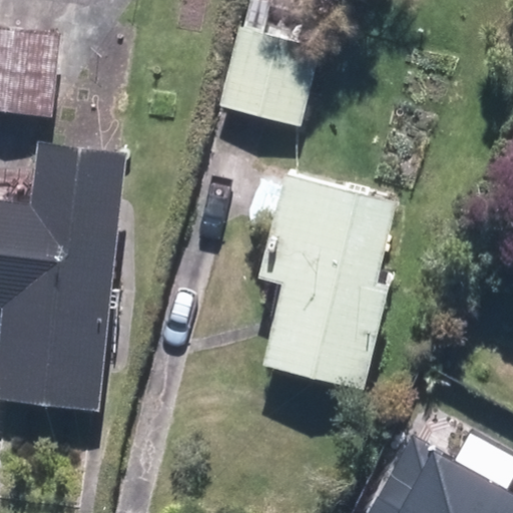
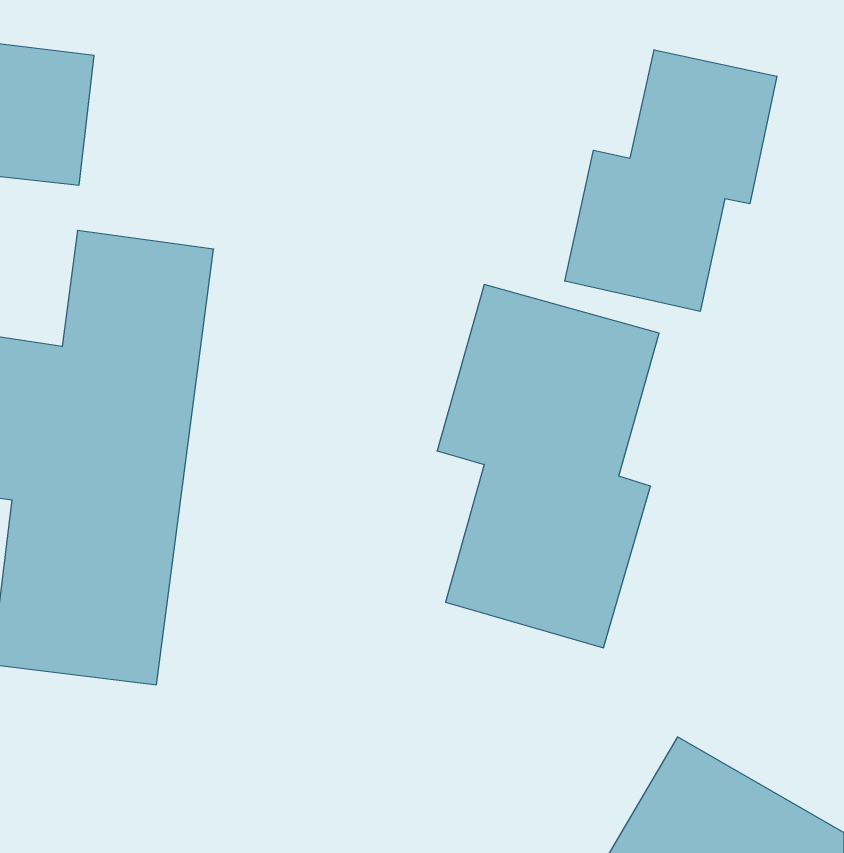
building: [221,30,311,120] -> none
building: none -> [565,50,777,311]

